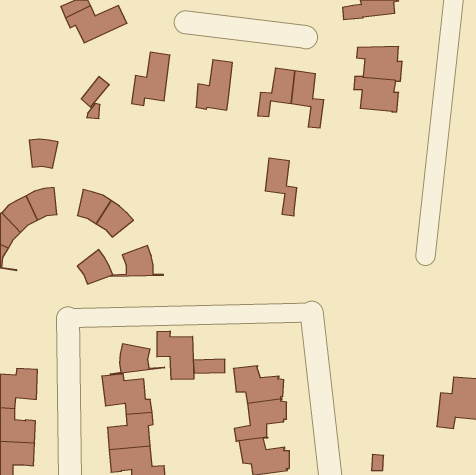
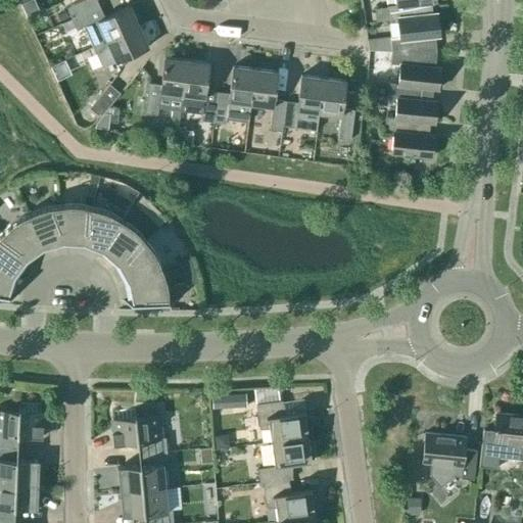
building: none -> [368,15,440,54]
building: none -> [93,28,149,70]
building: none -> [181,62,218,125]
building: none -> [385,120,434,159]
building: [29,139,58,168] -> [60,206,92,238]
building: [265,158,297,216] -> [251,70,286,134]
building: [77,249,113,284] -> [124,243,162,281]
building: [157,331,194,380] -> none
building: [111,344,164,375] -> none
building: none -> [423,434,477,489]

